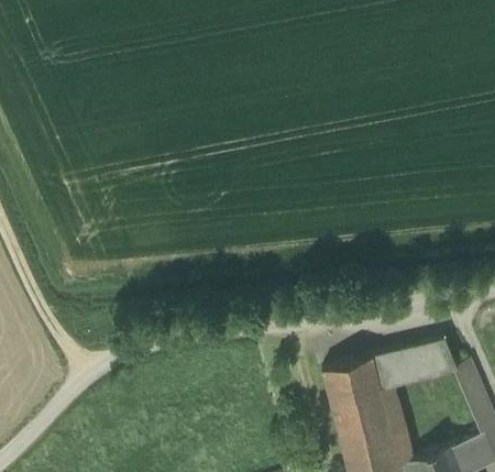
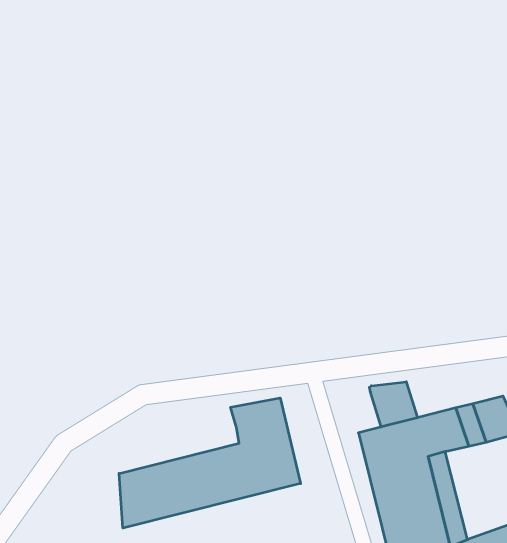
building: none -> [369,382,418,427]
building: none -> [119,398,301,528]

